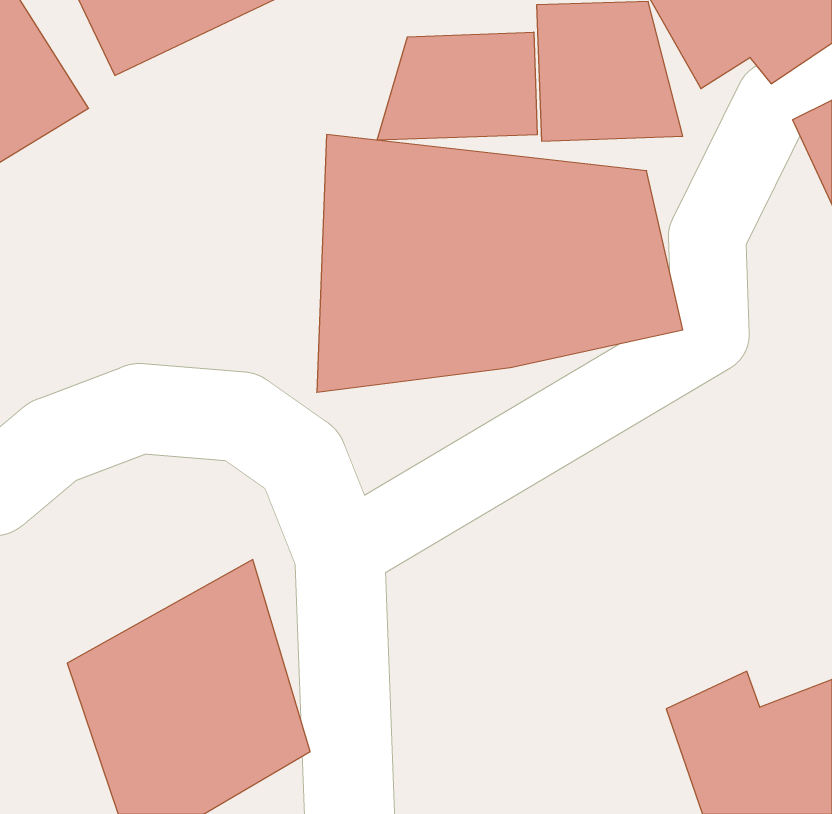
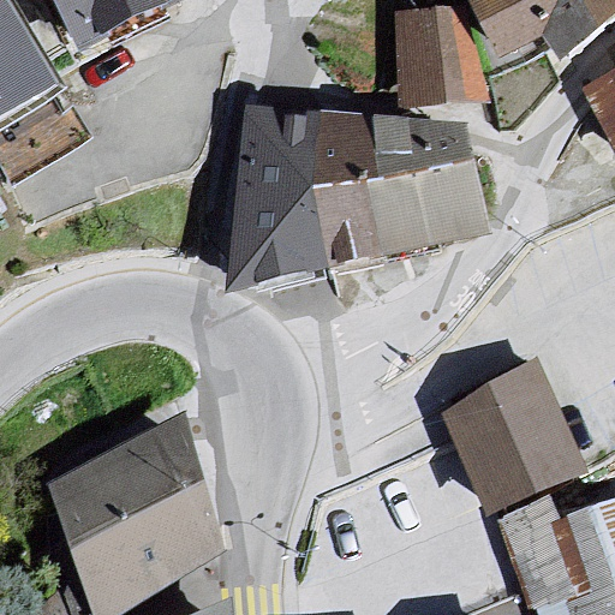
building: [377,32,537,140] -> none
building: none -> [436,363,585,519]

